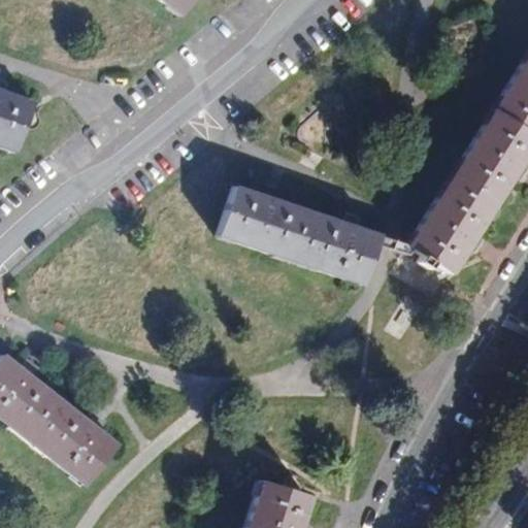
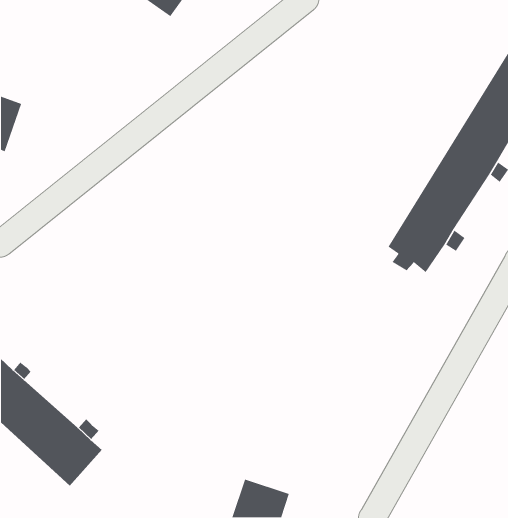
building: [231,187,388,284] -> none

